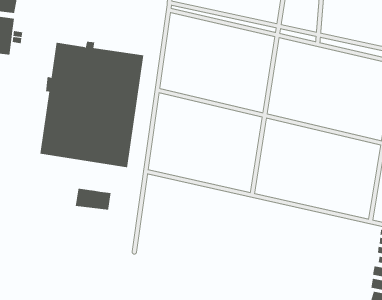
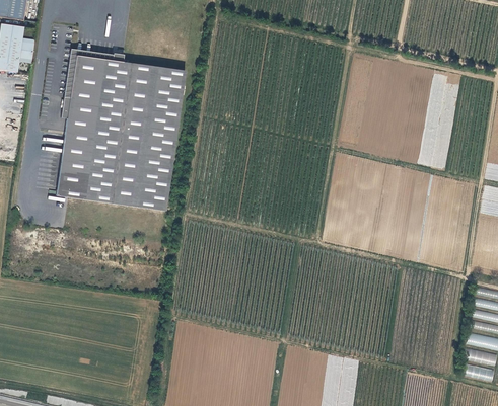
building: none -> [66,49,115,98]
building: [75,188,111,211] -> none

